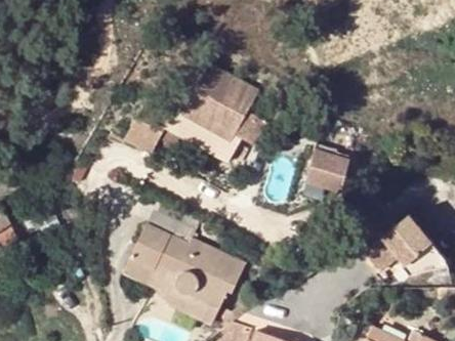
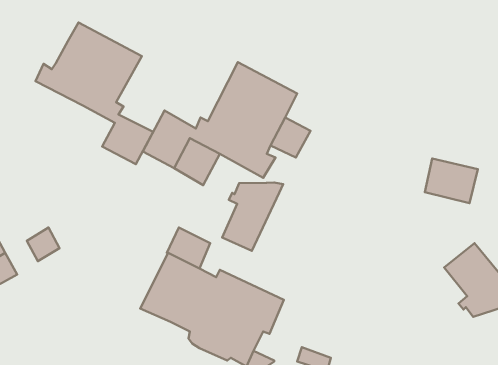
building: none -> [36,23,153,164]
building: [308,150,354,187] -> [425,158,478,203]
building: none -> [222,183,283,251]

